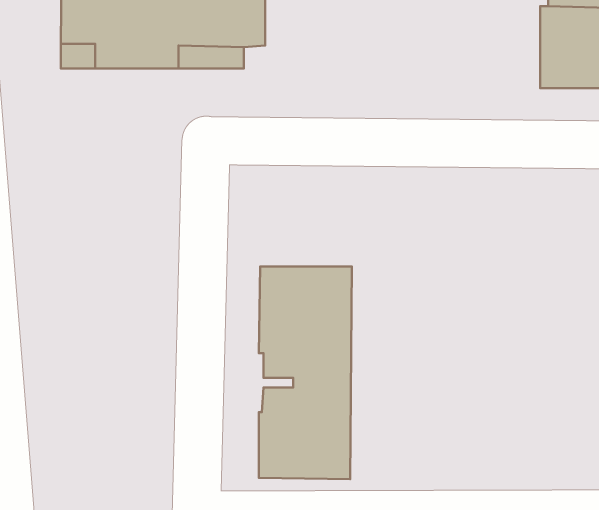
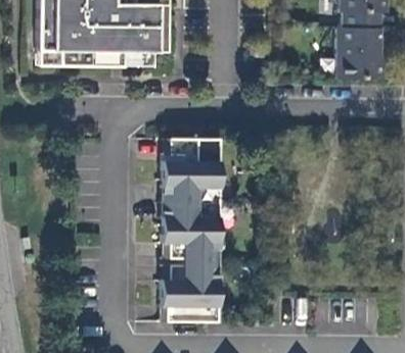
building: none -> [164,138,221,189]

